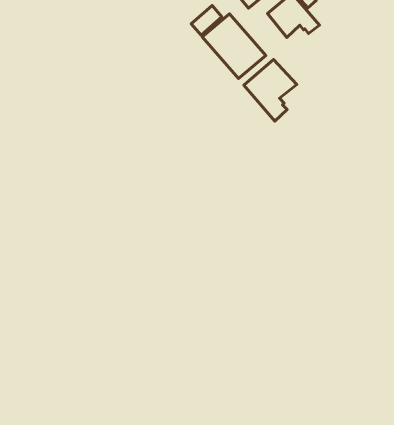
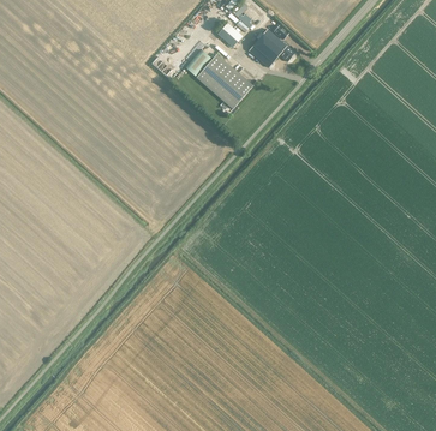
building: [244,60,297,121] -> none

